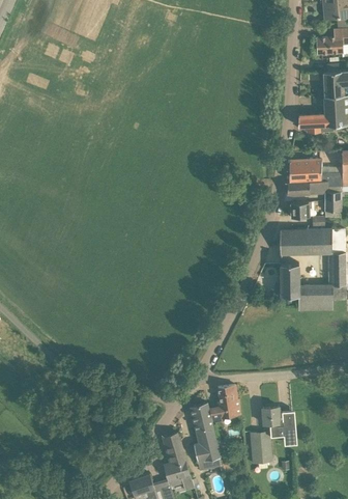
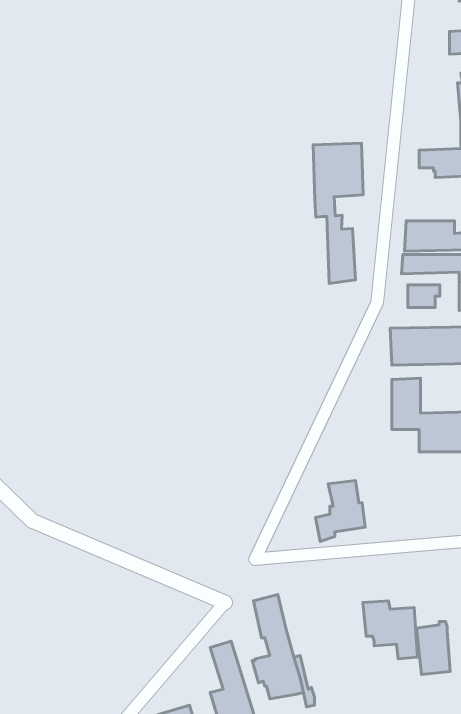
building: none -> [313,143,363,283]
building: [209,385,241,424] -> [315,480,365,541]
building: [250,429,271,464] -> [417,622,450,675]

